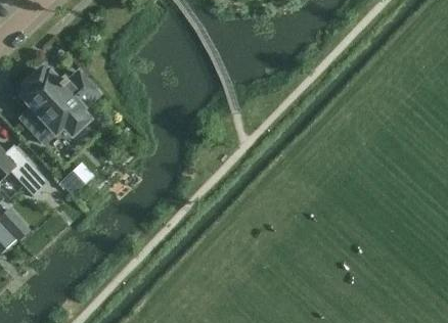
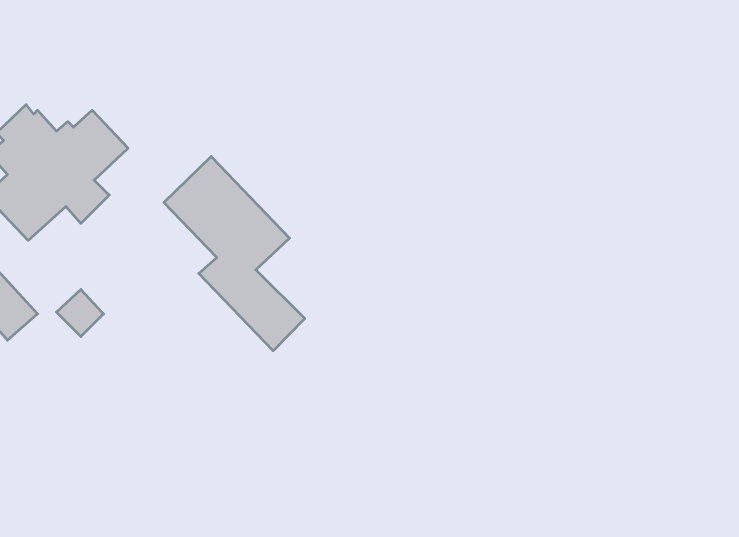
building: none -> [164,156,305,351]

